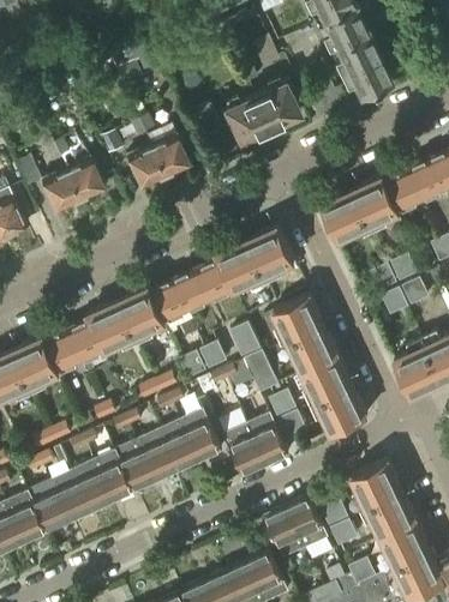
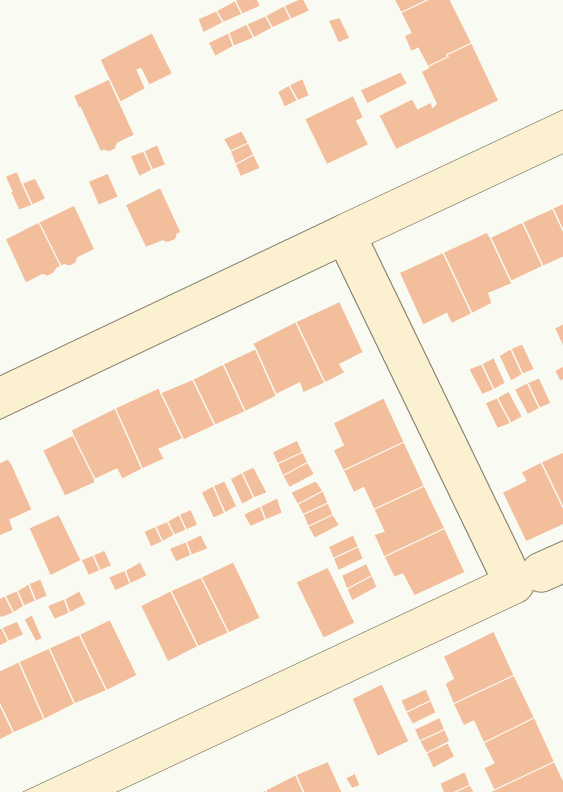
building: [218,96,268,143] -> none
building: [145,125,188,176] -> [74,79,134,152]
building: [44,331,82,374] -> [29,515,81,575]
building: [223,425,265,475] -> none
building: [114,441,155,490] -> none
building: [263,507,304,558] -> none

